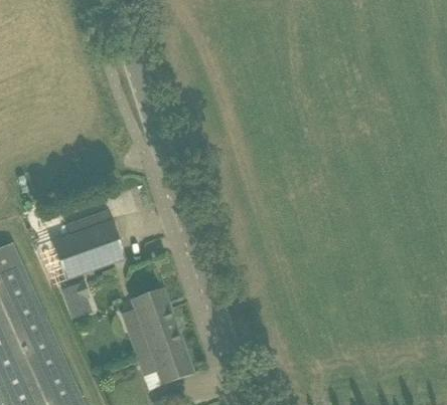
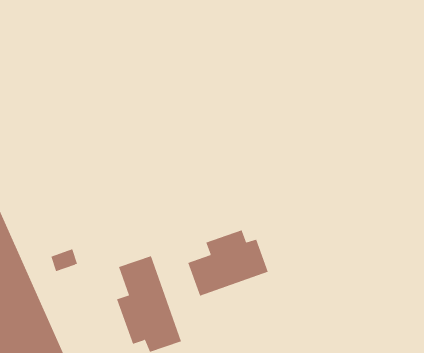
building: [51,220,125,279] -> none
building: none -> [187,229,269,296]

